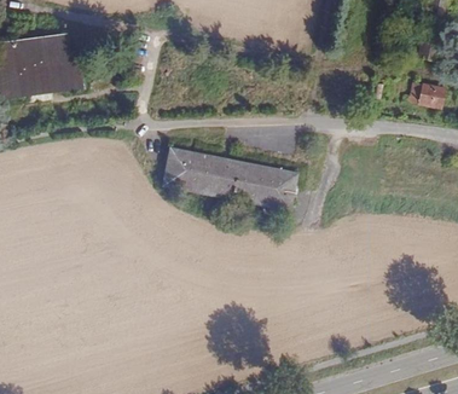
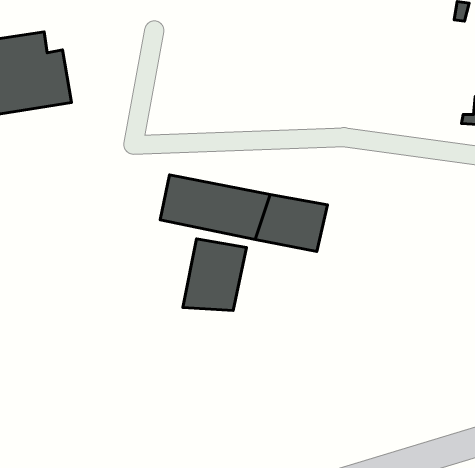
building: none -> [183,239,246,311]

